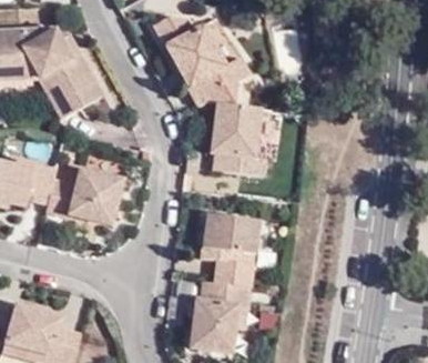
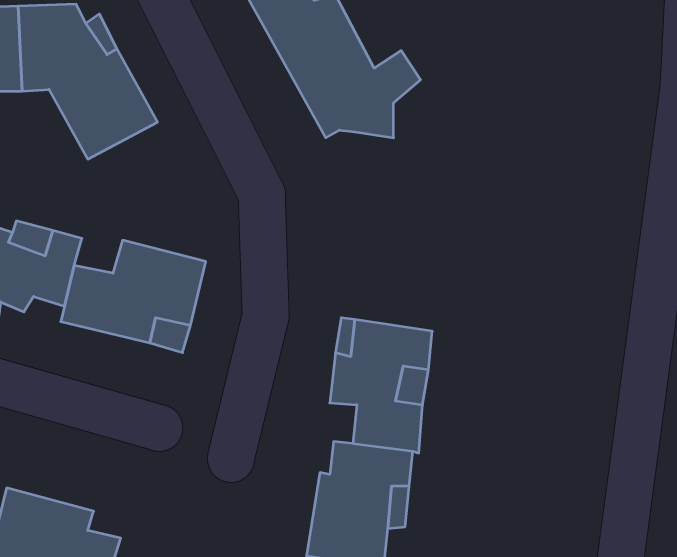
building: [208,102,268,181] -> none

